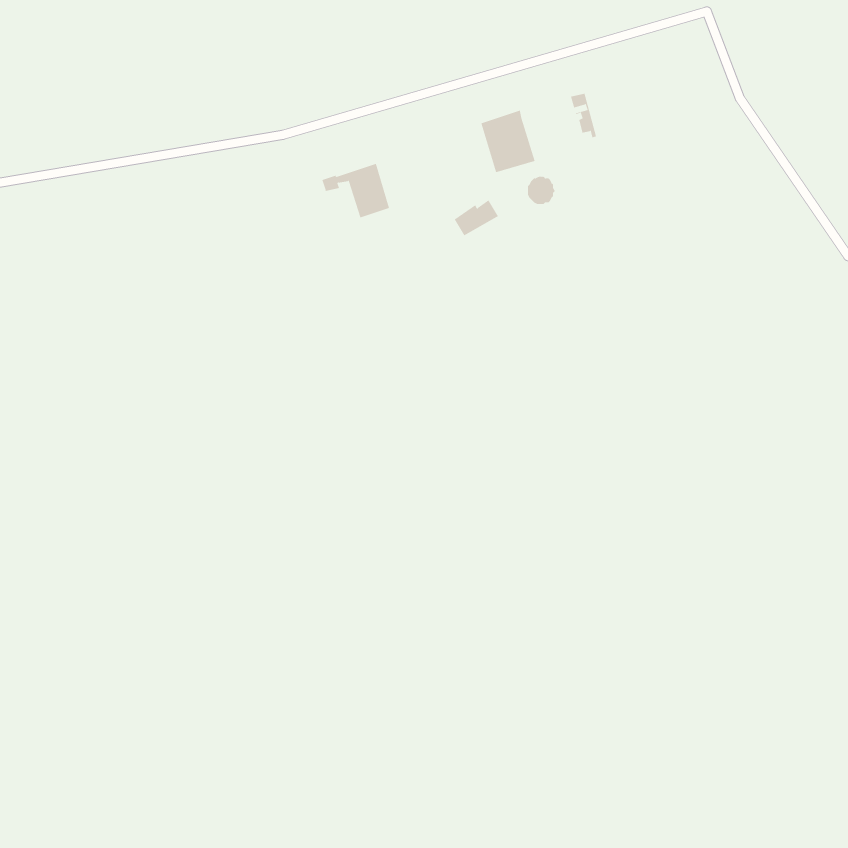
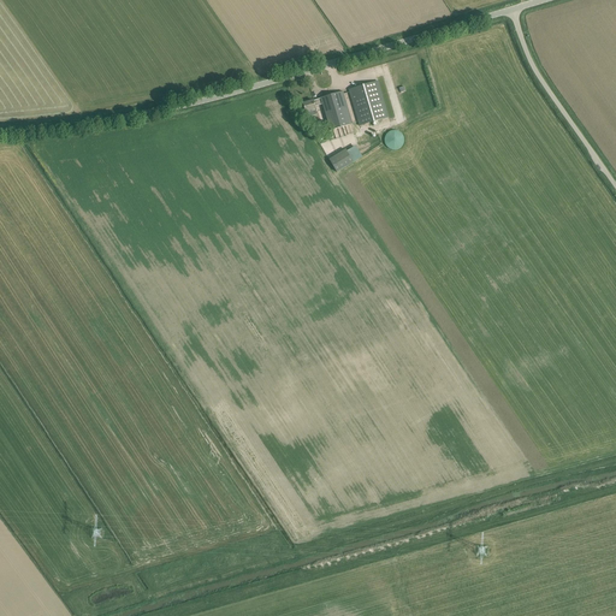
building: [322,163,390,218] -> [302,90,351,130]

